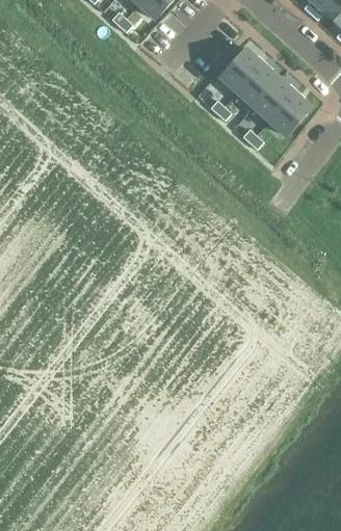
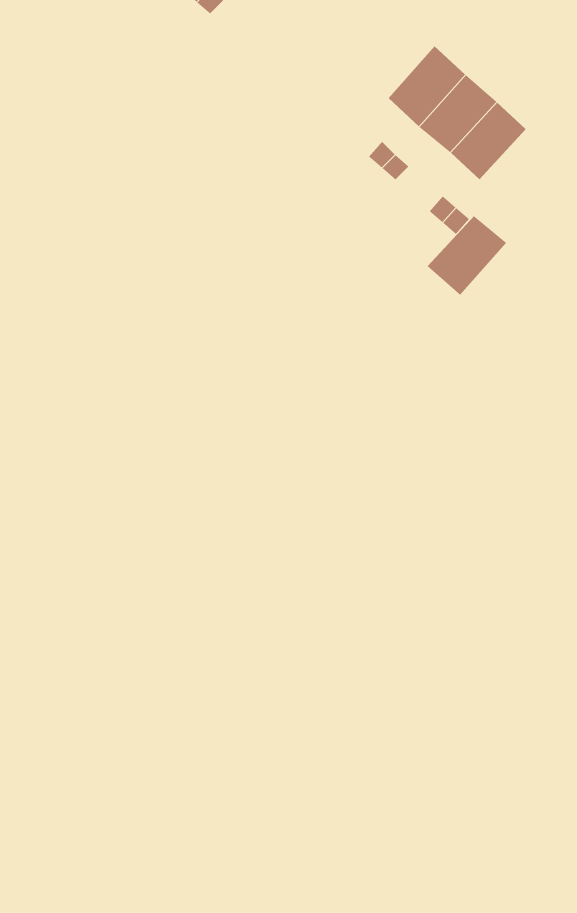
building: [268,92,311,135] -> [427,216,507,296]

